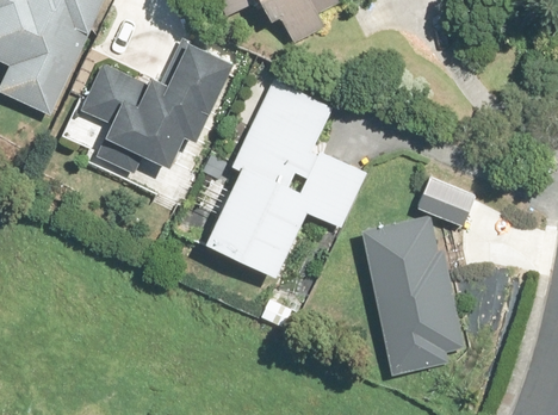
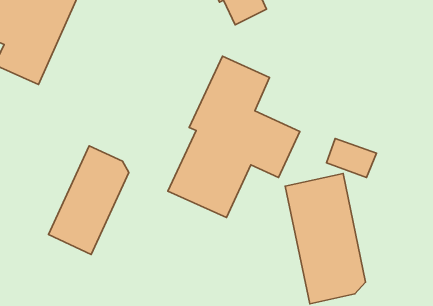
building: [63,44,236,202] -> none
building: none -> [49,146,129,254]

